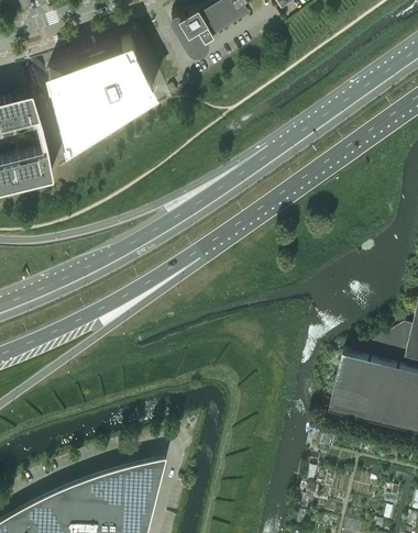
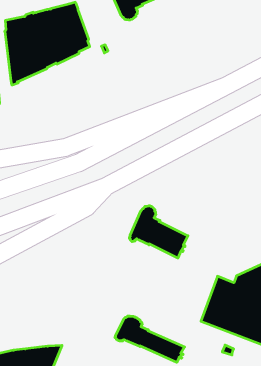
building: none -> [129,206,188,258]
building: none -> [115,316,185,362]

